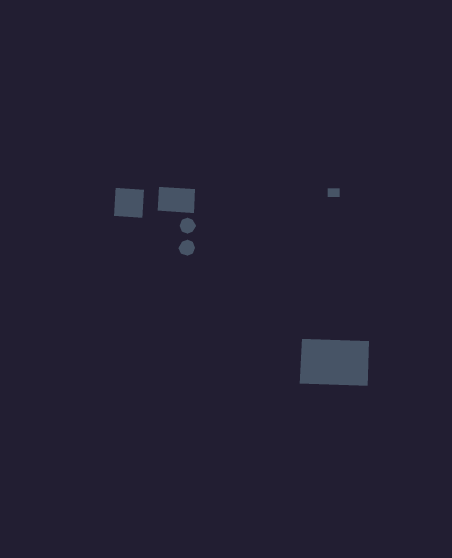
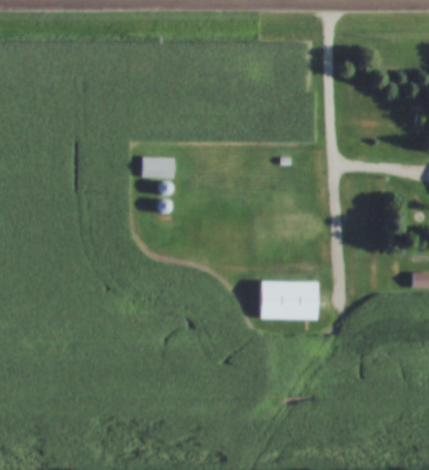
building: [113,187,145,219] -> none

